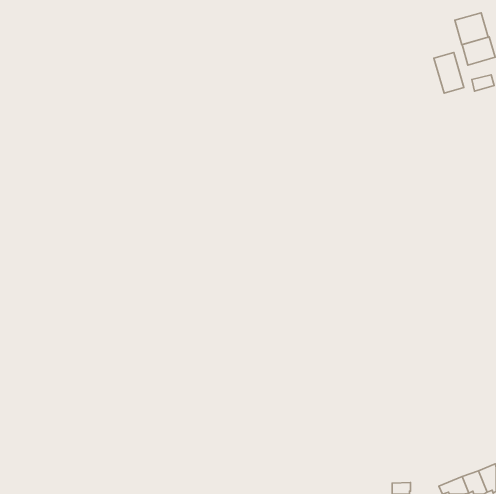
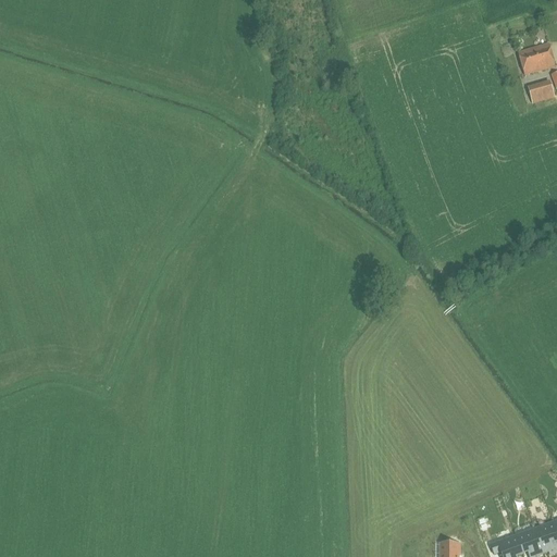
building: [455,13,488,45] -> none
building: [434,53,464,93] -> none

